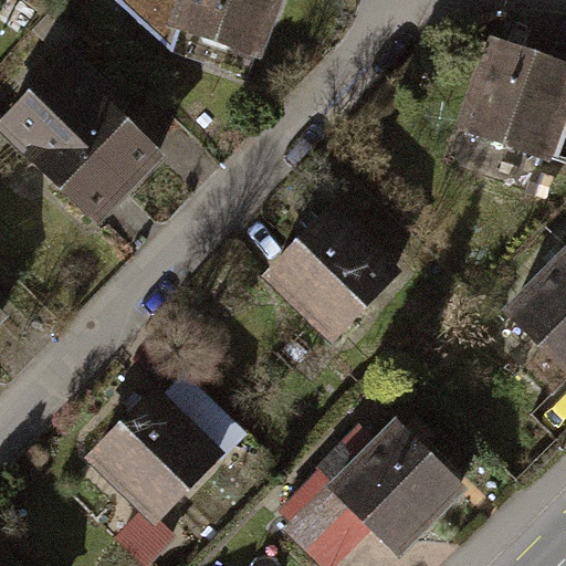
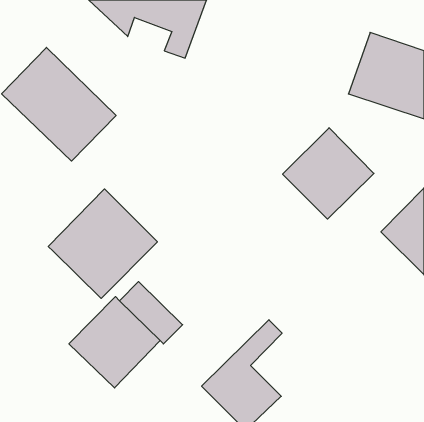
building: [270,216,391,337] -> [283,128,374,219]
building: none -> [48,189,157,298]
building: [334,418,457,551] -> none

